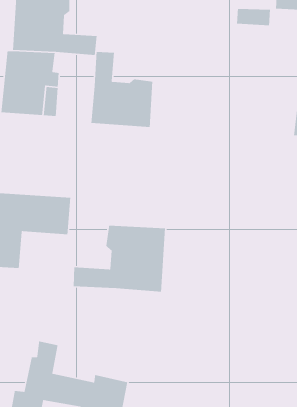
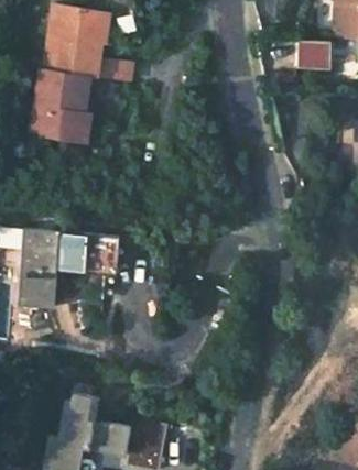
building: [90,51,153,128] -> none
building: [73,225,166,293] -> none

